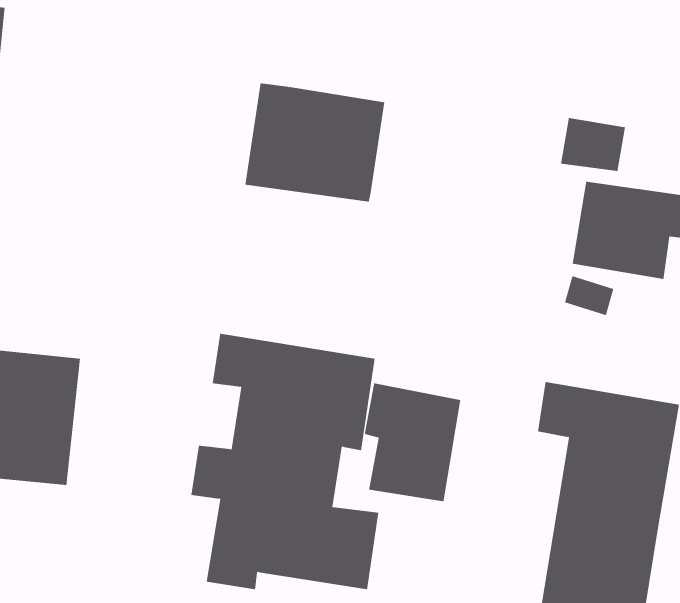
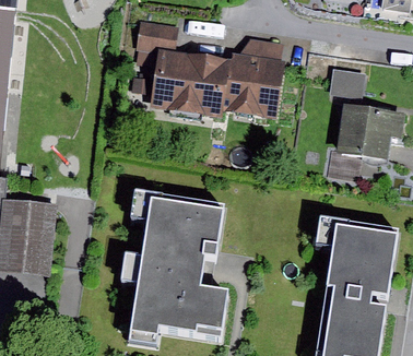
building: none -> [135,20,178,50]
building: none -> [222,38,285,119]
building: [364,383,461,502] -> none

